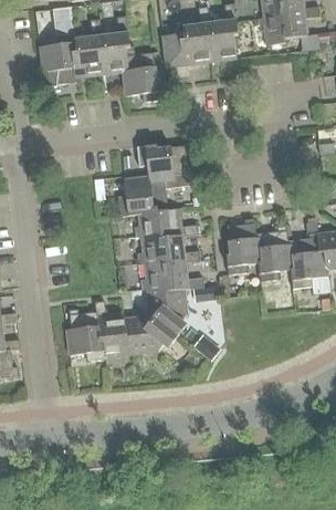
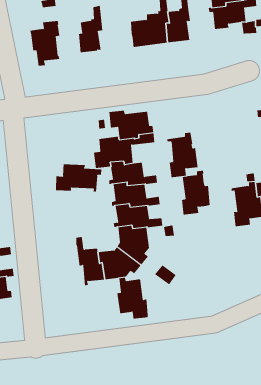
building: [71,19,102,77] -> none
building: [122,45,161,103] -> none
building: none -> [55,163,102,192]
building: [253,226,293,282] -> [166,132,198,178]
building: [65,310,105,362] -> [117,277,149,319]

